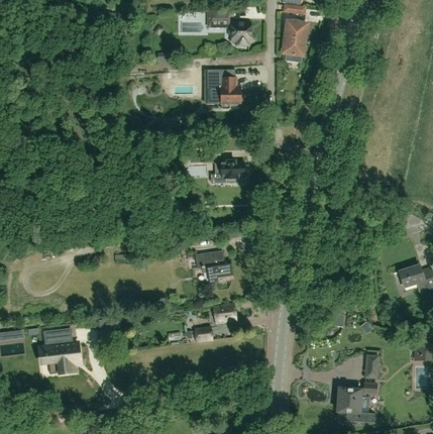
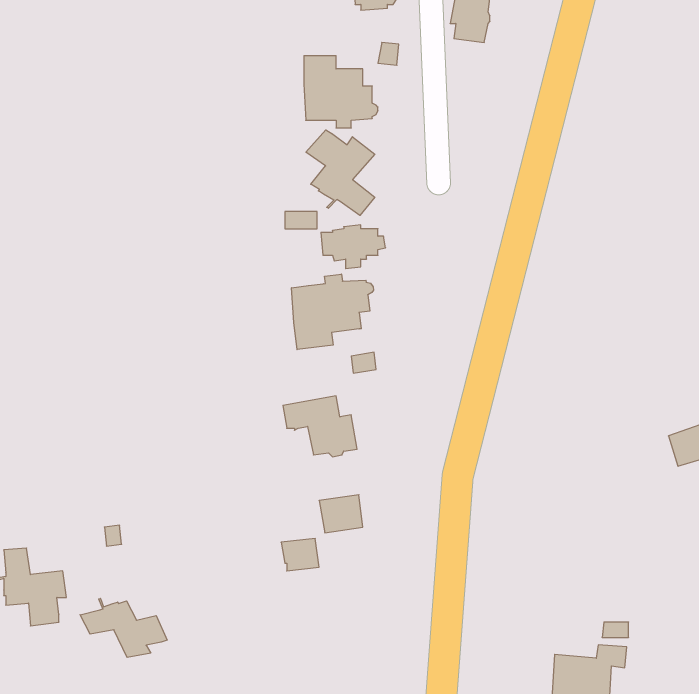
building: none -> [306,130,375,215]
building: none -> [292,274,374,350]
building: none -> [80,598,167,657]

